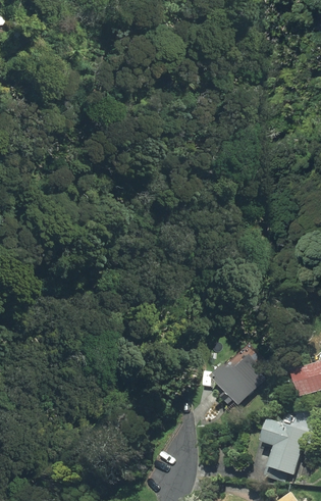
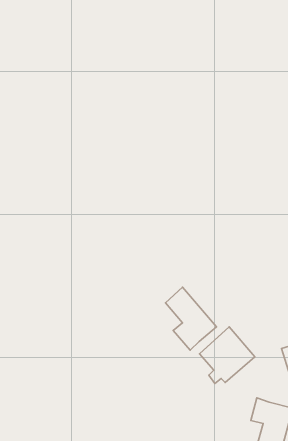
building: none -> [165,287,217,350]

